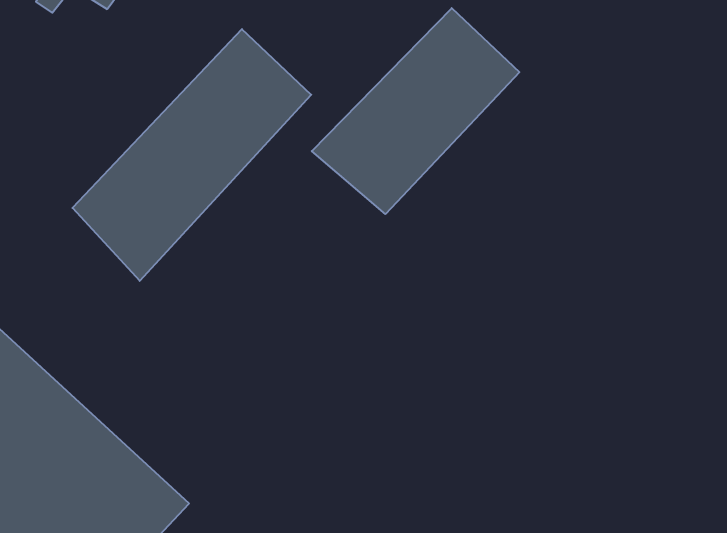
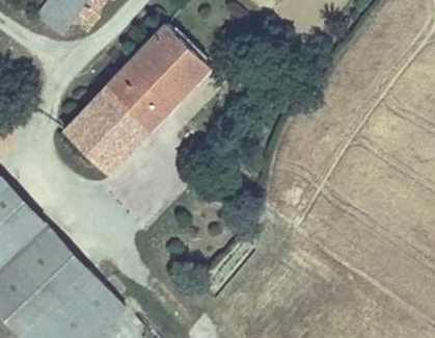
building: [312,8,519,214] -> none

